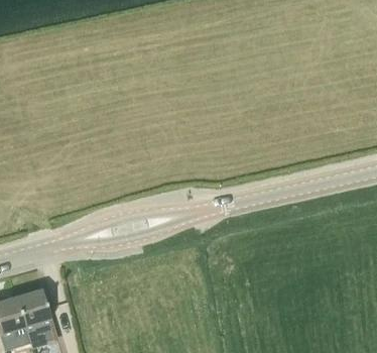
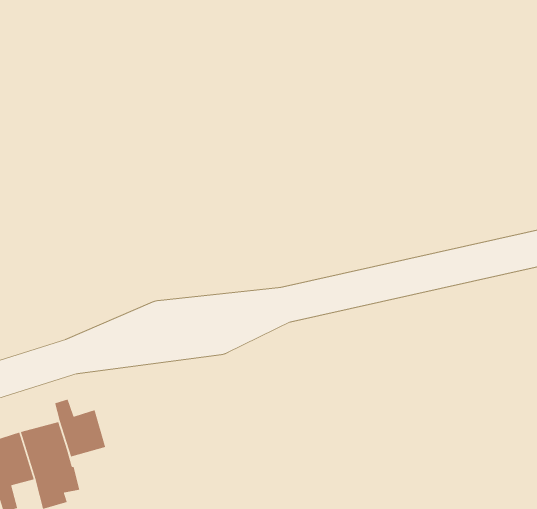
building: none -> [54,399,106,457]

